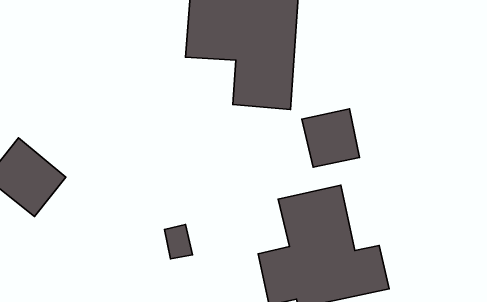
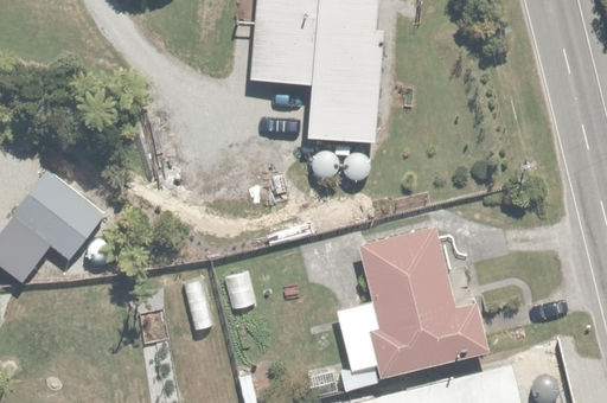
building: [302,109,360,167] -> none

